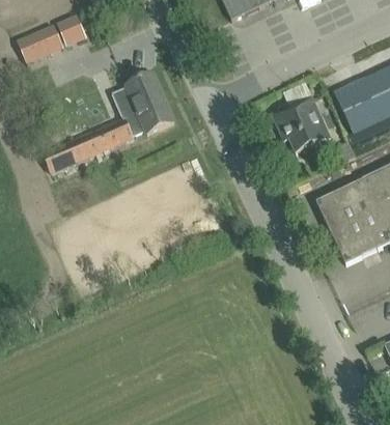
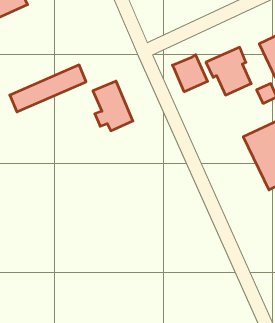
building: [127,73,173,131] -> [93,81,133,131]
building: none -> [172,55,208,92]

